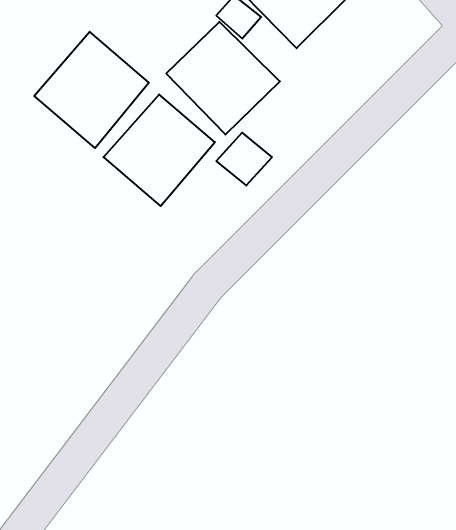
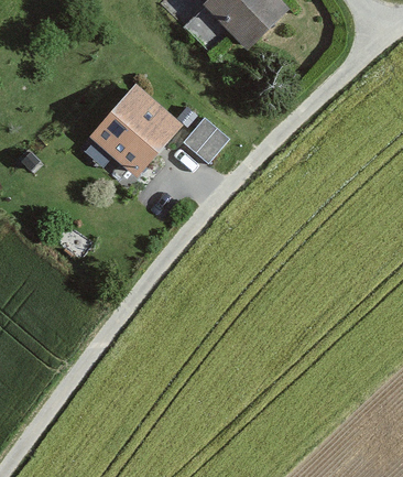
building: [166,22,280,135] -> none
building: [34,32,149,148] -> none

